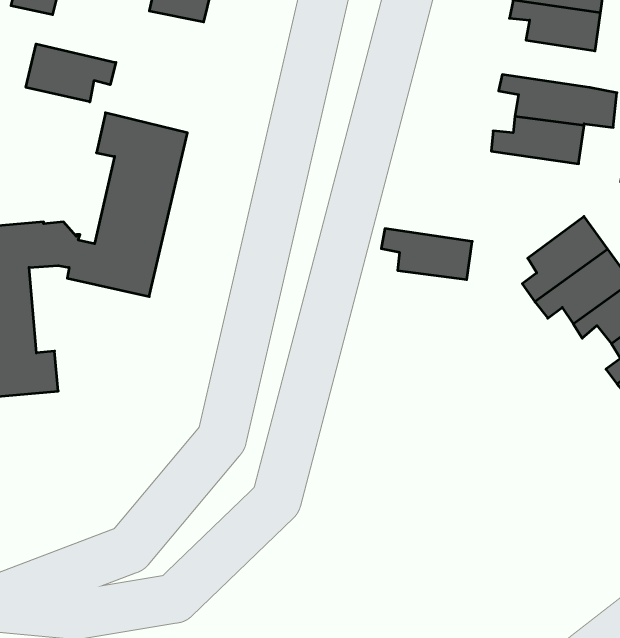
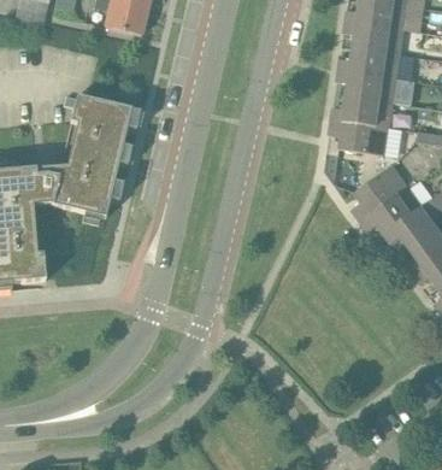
building: none -> [338,47,400,78]
building: [26,44,116,102] -> none
building: [381,229,472,280] -> [329,121,389,154]

